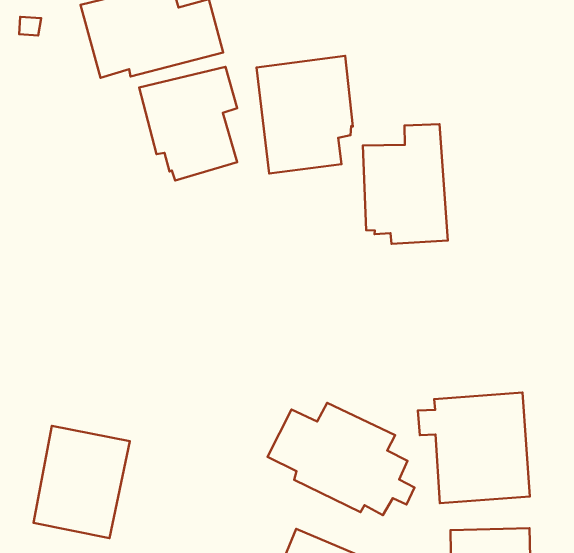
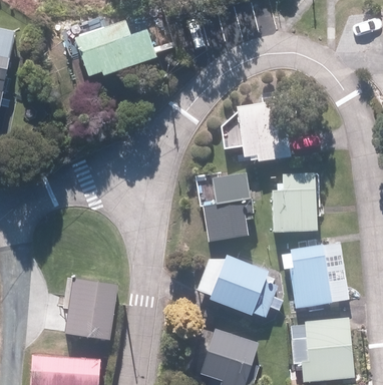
building: [257,56,353,174] -> [196,172,253,243]
building: [139,67,237,180] -> none
building: none -> [272,172,316,232]

